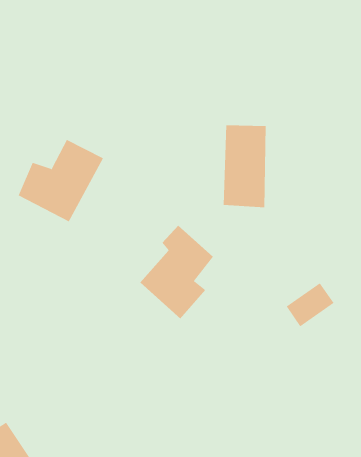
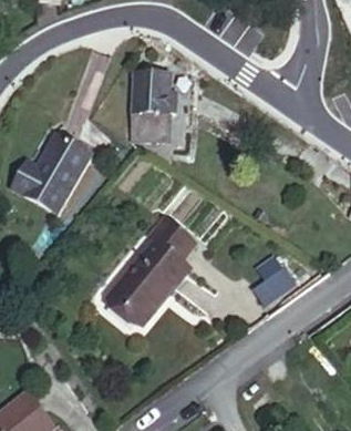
building: [223,125,267,208] -> [137,70,175,142]
building: none -> [104,271,162,328]

